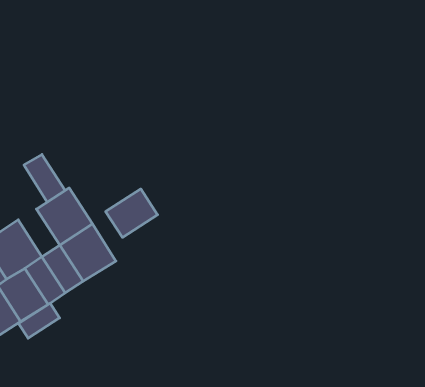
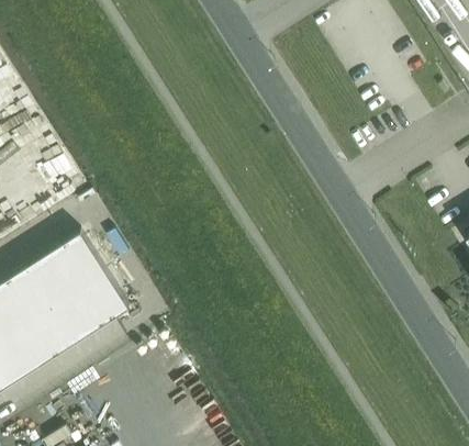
building: [24,154,65,202] -> [21,259,64,309]
building: [106,189,158,237] -> none
building: [19,303,60,338] -> none

